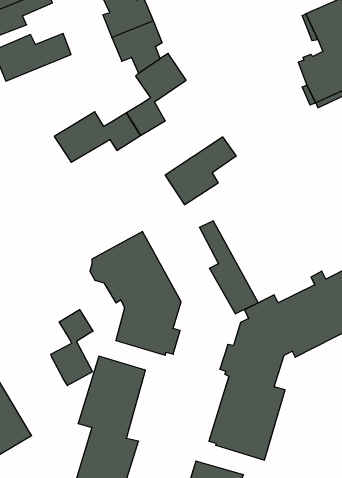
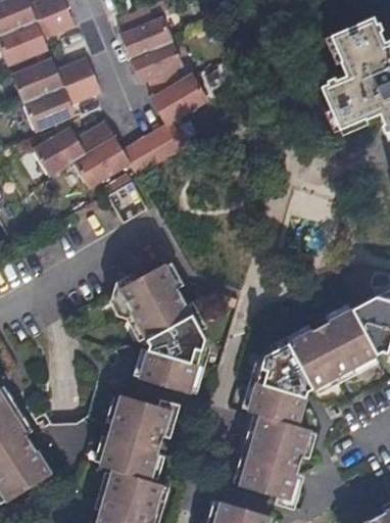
building: none -> [23,79,97,131]
building: none -> [37,120,115,177]
building: [165,137,236,205] -> none
building: [200,221,258,314] -> none
building: [51,310,93,386] -> none

